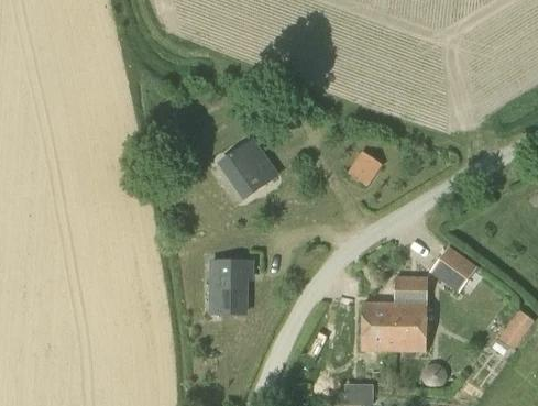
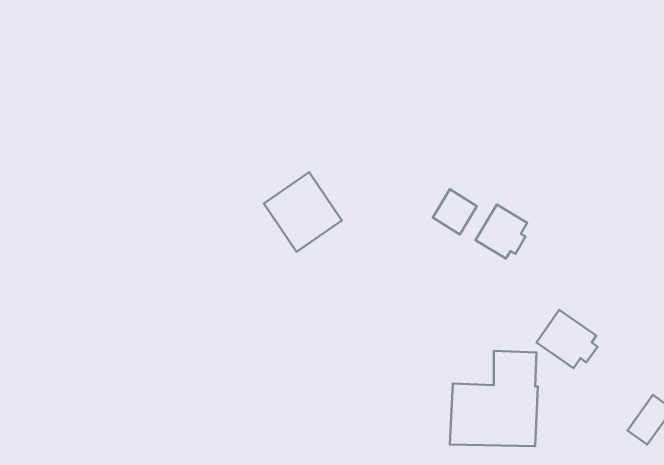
building: none -> [476,205,527,258]
building: [208,259,248,315] -> none

